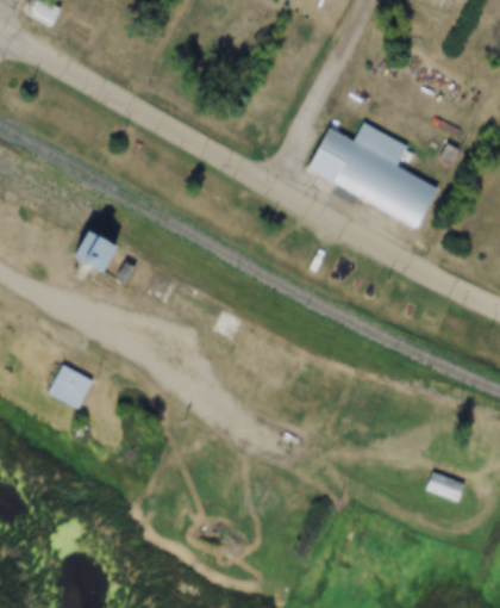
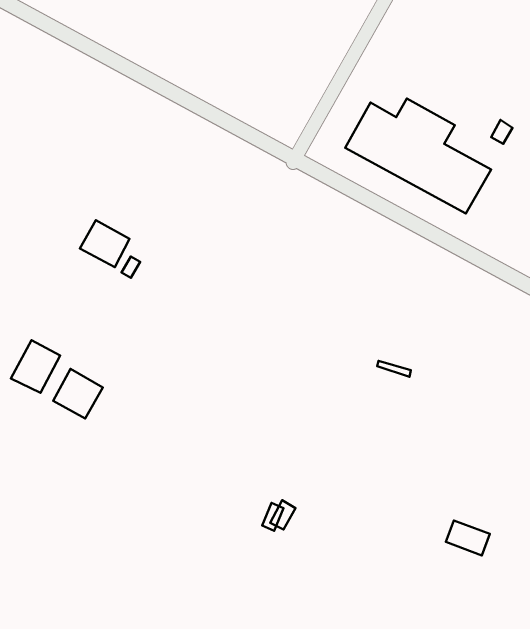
building: none -> [11,340,60,393]
building: [425,472,464,503] -> [446,521,490,555]

